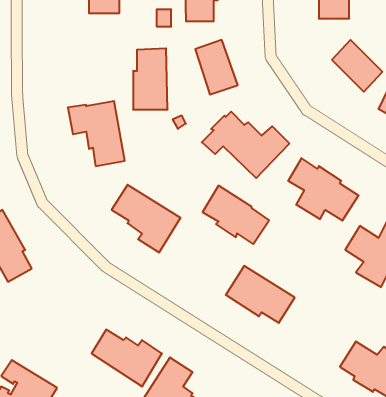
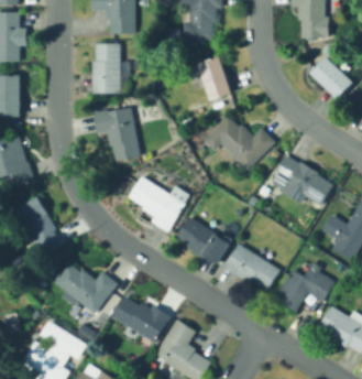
building: [133,48,168,110] -> [91,43,120,94]
building: [203,186,269,244] -> [175,216,230,264]
building: none -> [53,262,117,314]
building: none -> [274,269,334,313]

